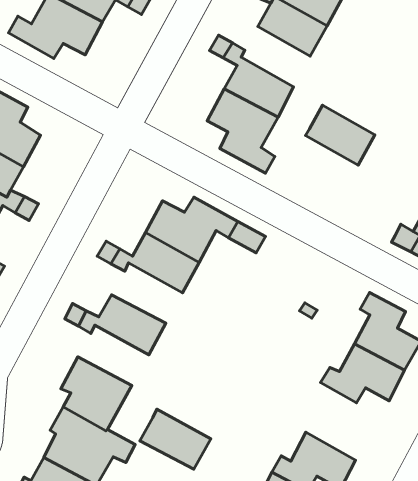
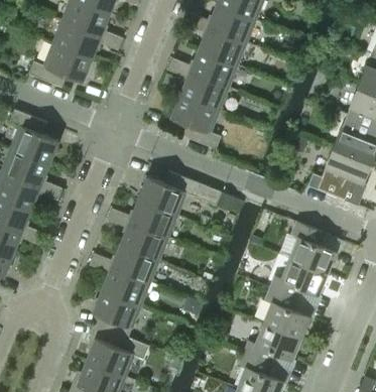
building: [306,105,375,165] -> [190,48,237,87]
building: none -> [120,221,168,259]
building: none -> [264,287,309,338]
building: [140,409,211,469] -> [102,266,150,304]

